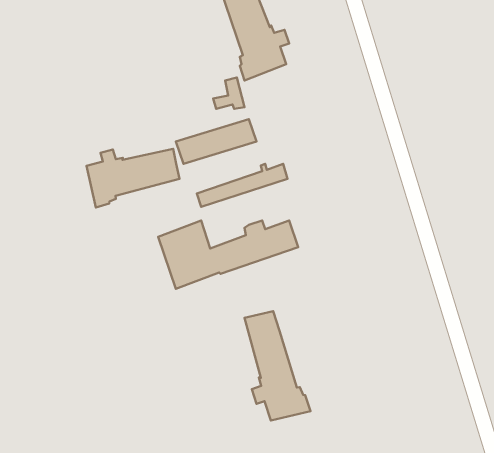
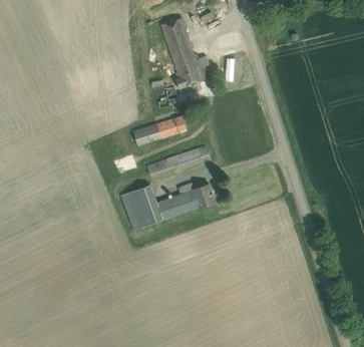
building: [87,149,180,207] -> none
building: [245,311,311,421] -> none

